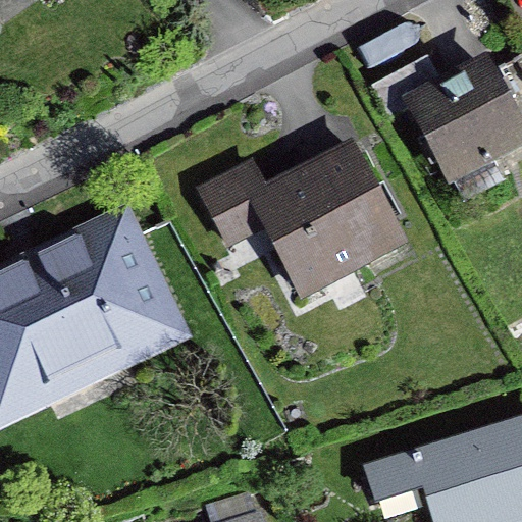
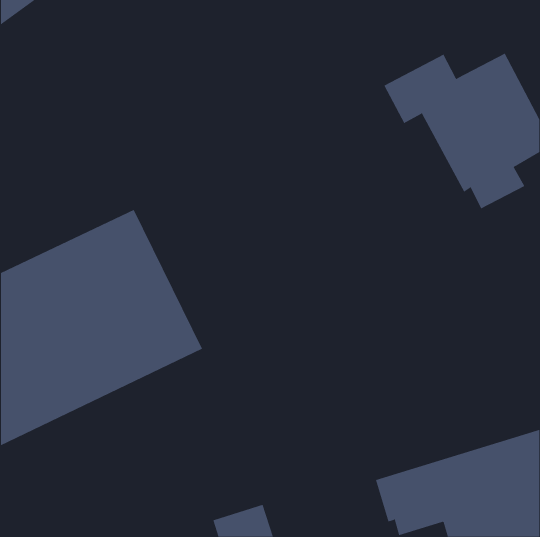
building: [196,139,409,300] -> none

